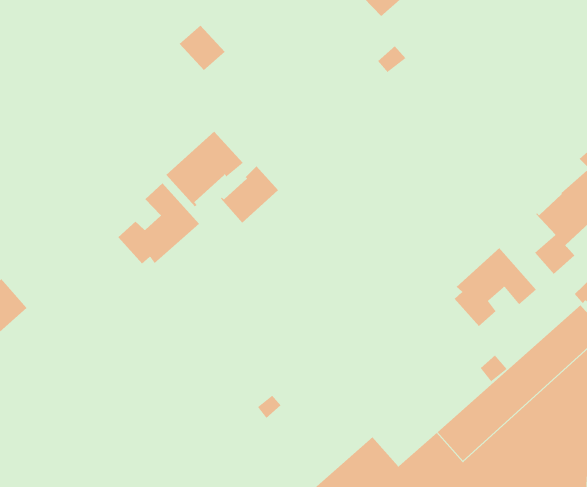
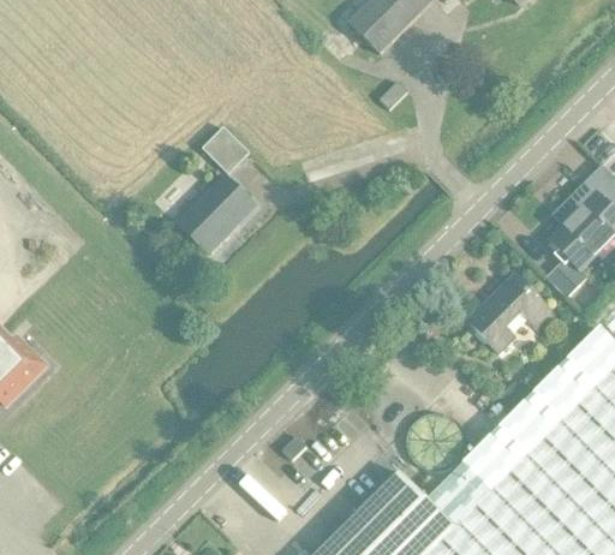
building: [179,25,226,71] -> [201,130,247,175]
building: [220,165,279,223] -> none
building: [117,183,200,265] -> none

